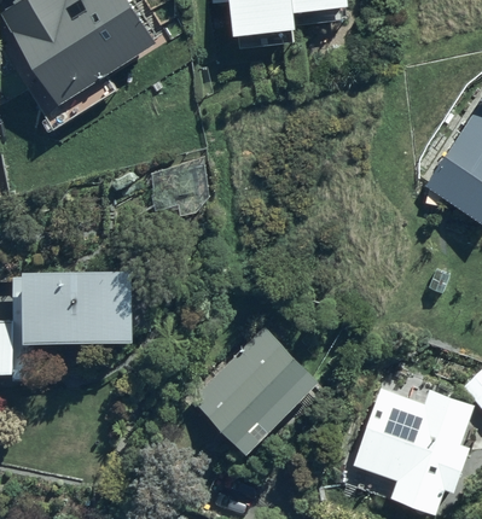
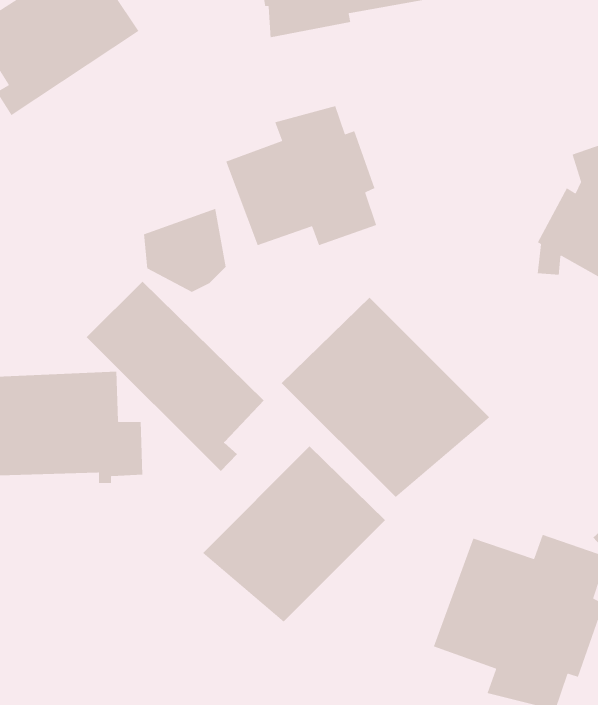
building: none -> [225,105,377,246]
building: none -> [86,281,265,472]
building: none -> [281,297,490,498]

